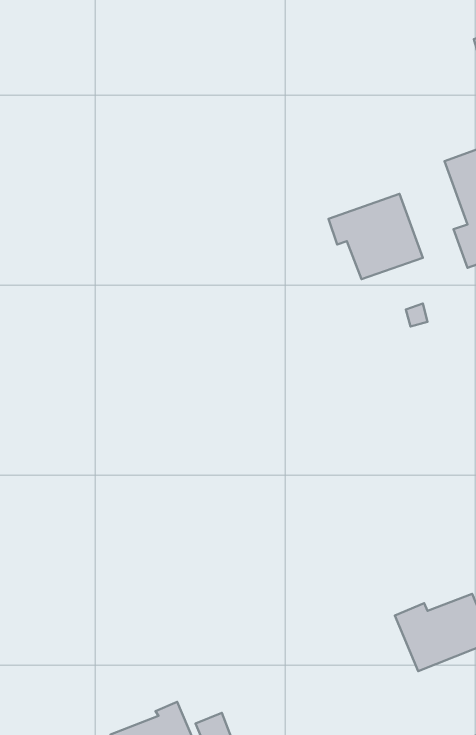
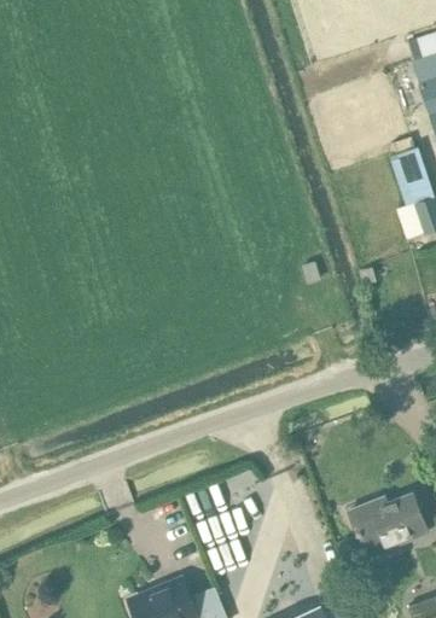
building: [329,194,423,279] -> none

